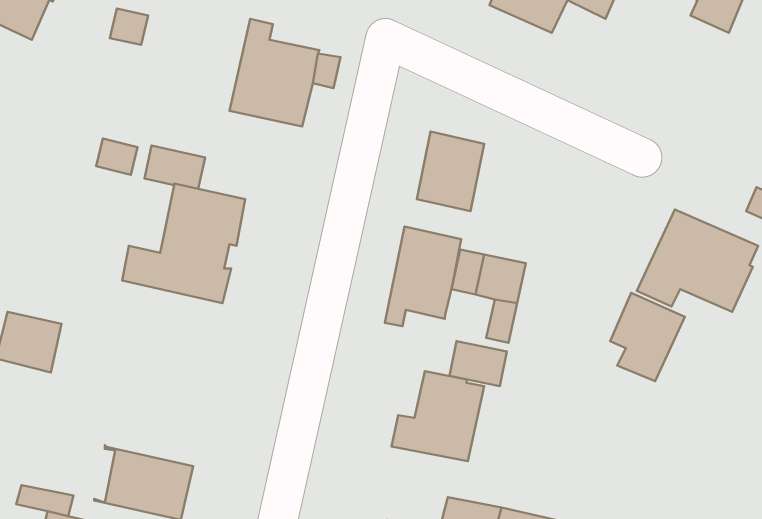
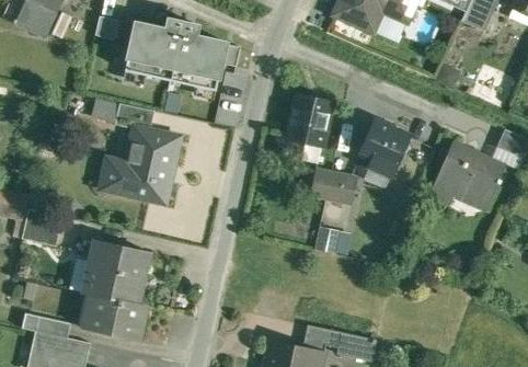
building: none -> [124,20,183,81]
building: [385,226,461,326] -> none
building: [610,293,685,381] -> [361,121,409,176]
building: none -> [90,240,149,303]
building: [392,371,484,461] -> none

